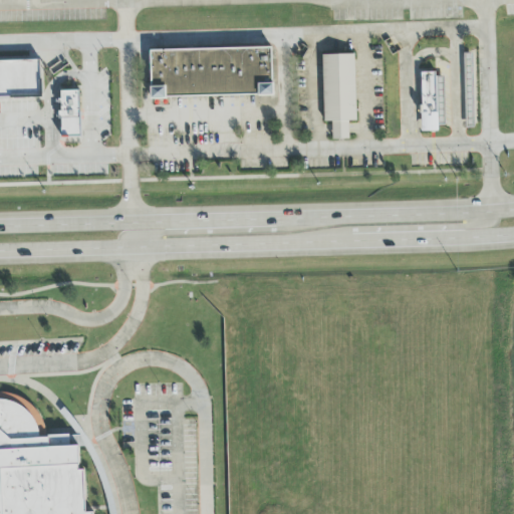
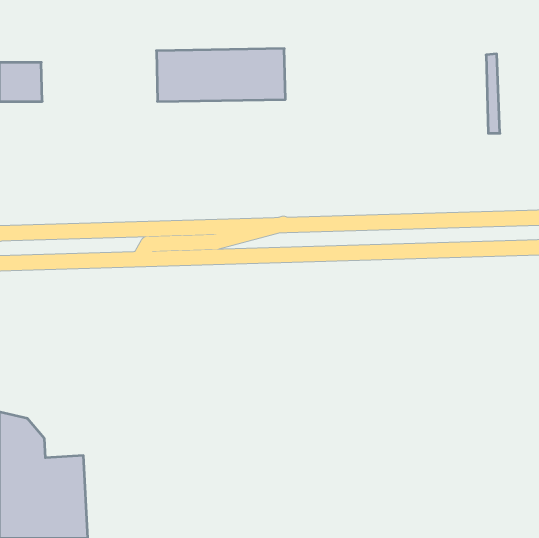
building: [321,53,355,139] -> none
building: [419,70,444,131] -> none
building: [59,89,79,135] -> none

